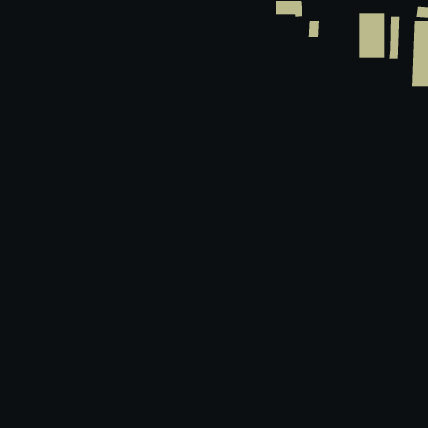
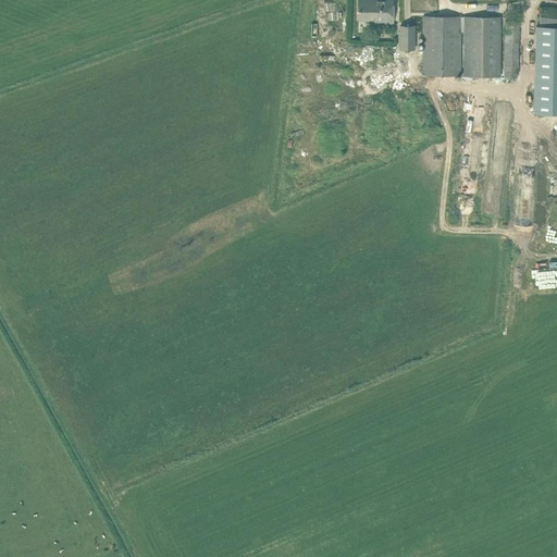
building: none -> [424,16,461,75]

